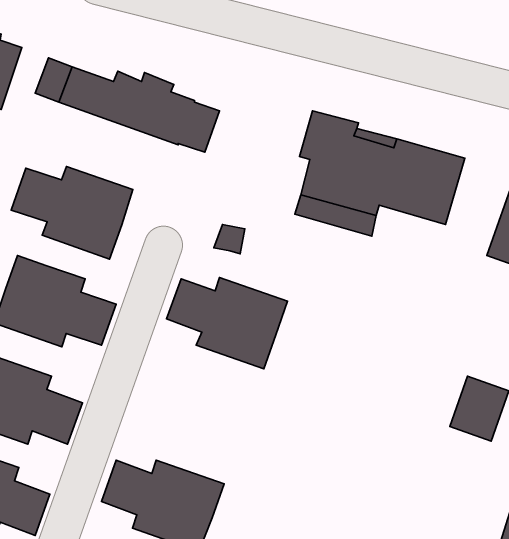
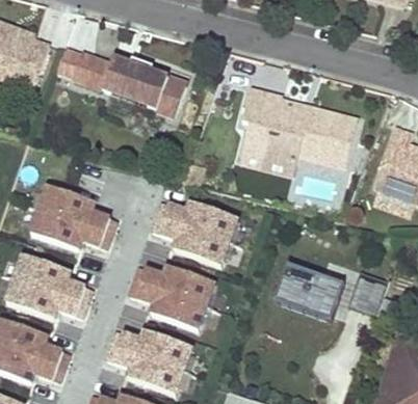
building: [11,167,133,259] -> none
building: none -> [277,264,347,321]
building: none -> [127,266,212,330]

